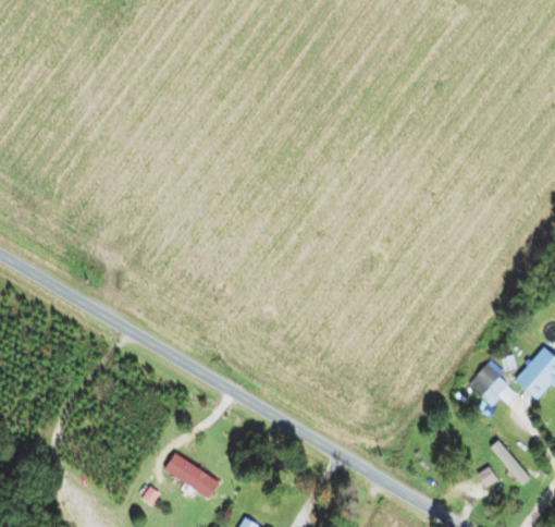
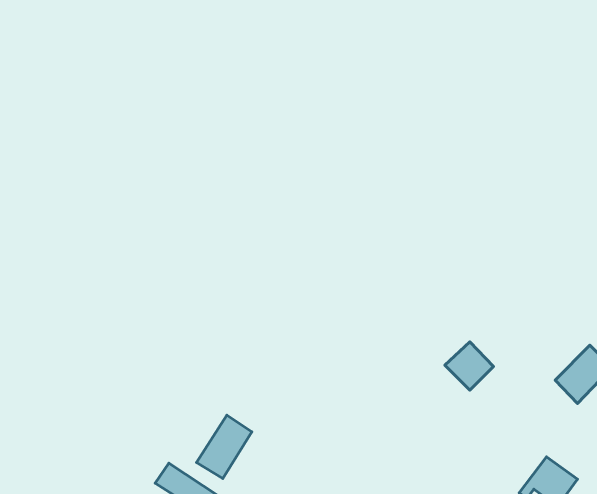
building: [469,363,511,405] -> [445,342,493,390]
building: none -> [196,415,252,479]

